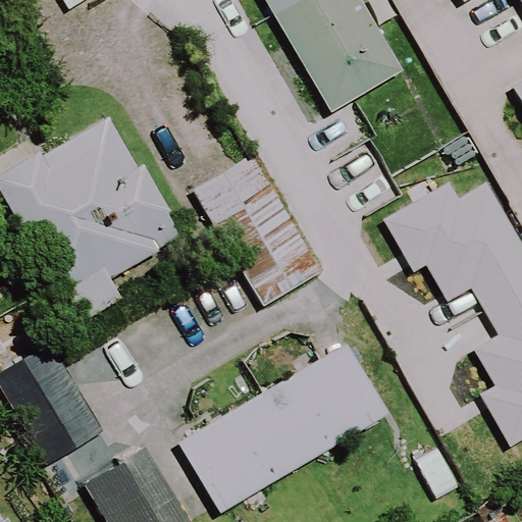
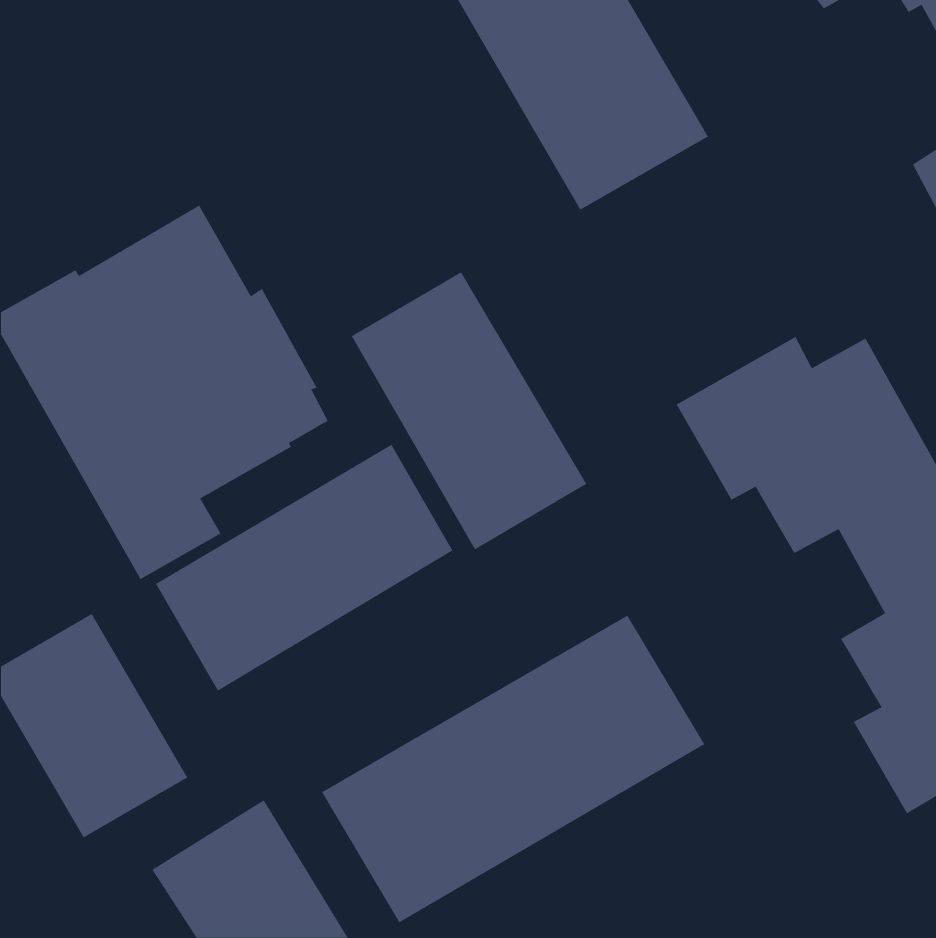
building: none -> [155,444,453,691]

